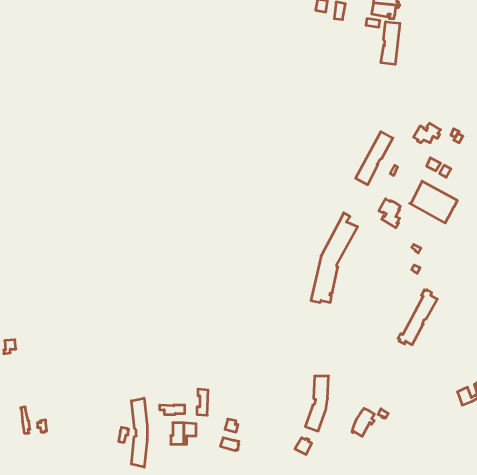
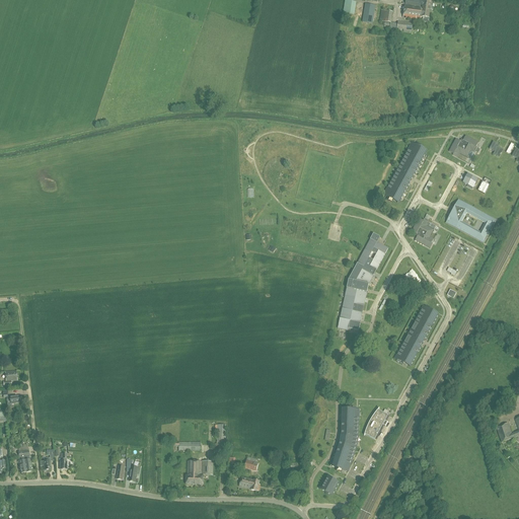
building: [381,22,400,64] -> none
building: [398,290,437,345] -> [395,304,438,364]
building: [131,398,147,467] -> none
building: [352,408,374,436] -> [364,407,388,438]

